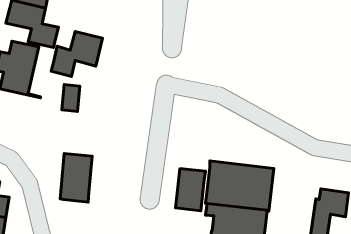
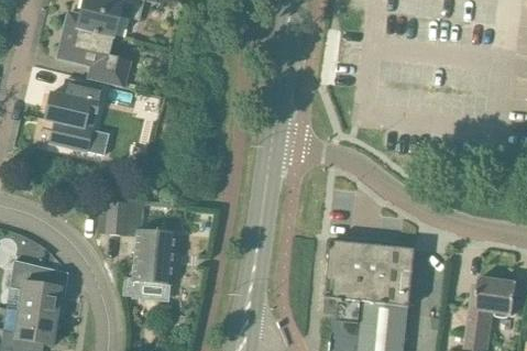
building: [51,32,102,77] -> none
building: [62,85,80,112] -> [103,199,128,235]
building: [175,169,205,211] -> none

